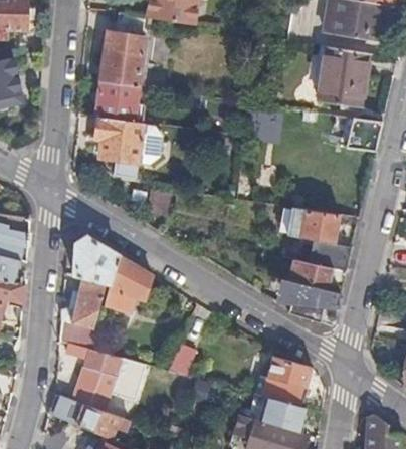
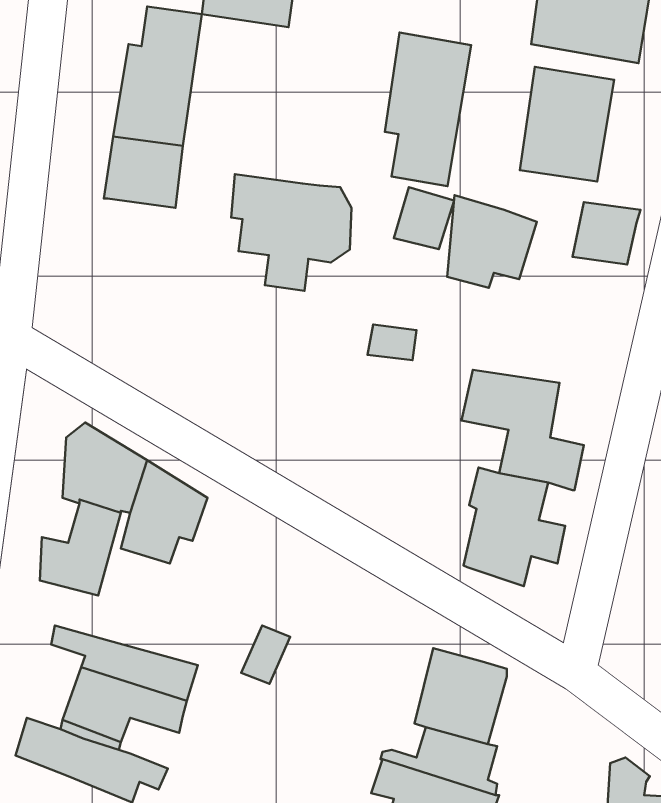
building: none -> [385,33,471,186]
building: none -> [447,195,537,288]
building: [95,116,160,178] -> [231,174,352,291]
building: [59,319,104,352] -> none

